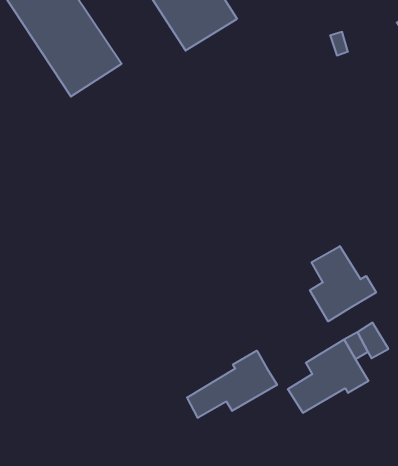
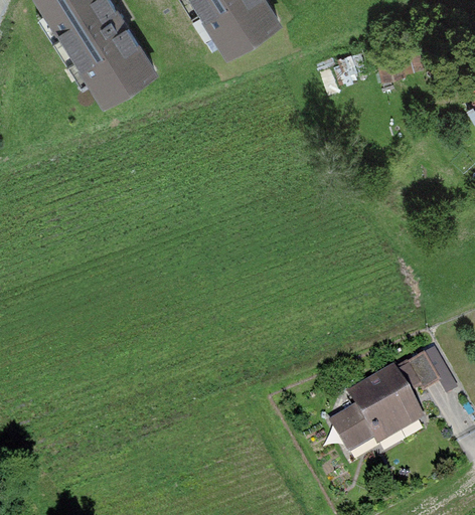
building: [310,246,376,321] -> none
building: [187,351,277,418] -> none

